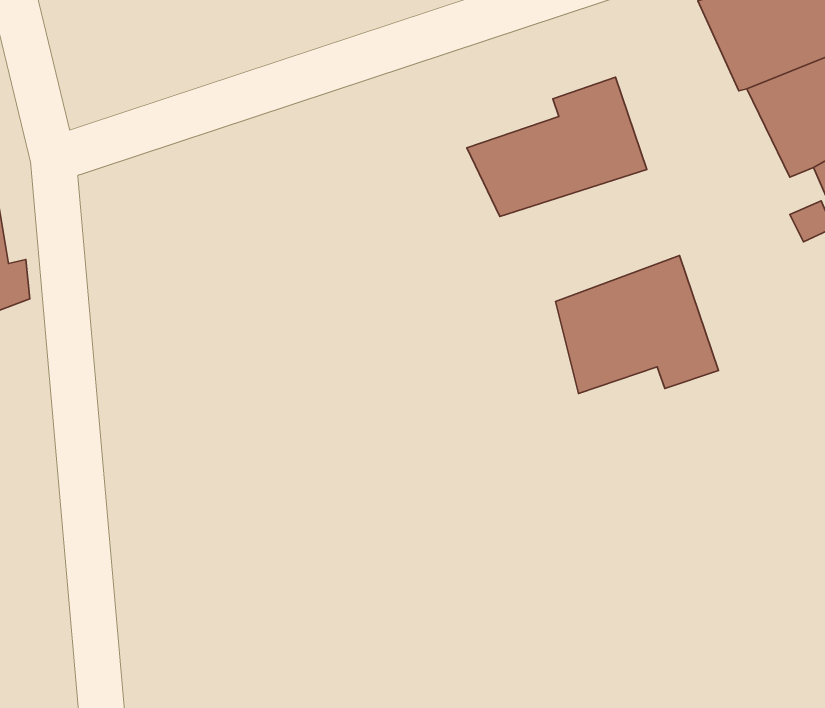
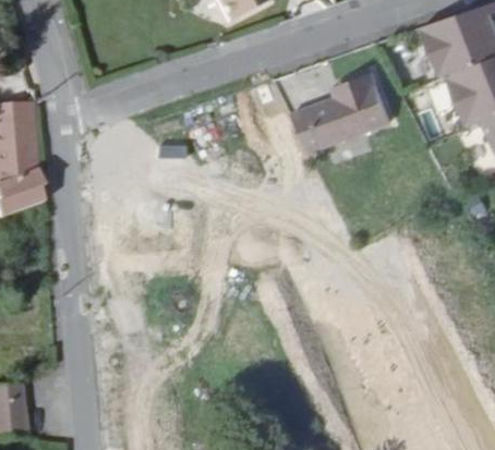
building: [556,256,719,394] -> none

